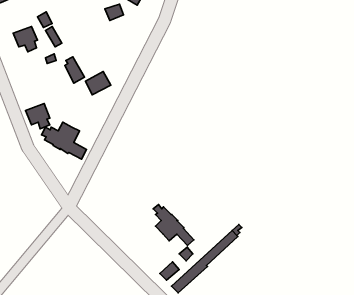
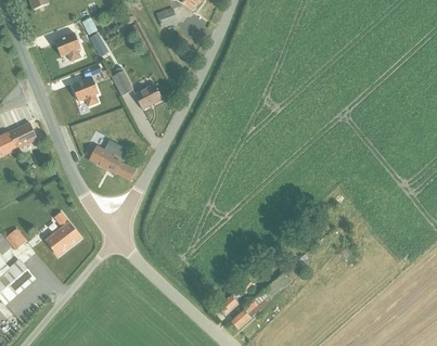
building: [25,104,50,129] -> [70,77,98,105]
building: none -> [44,212,79,256]
building: [153,204,194,245] -> none

